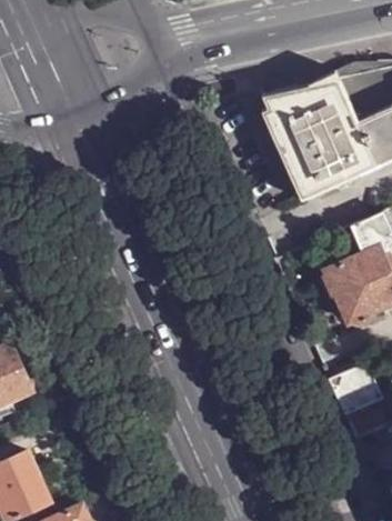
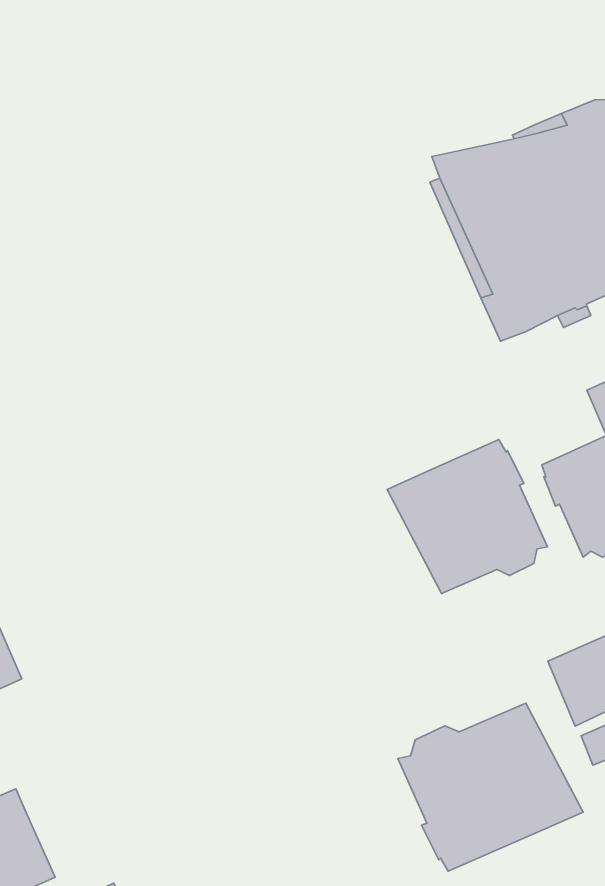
building: none -> [387,439,548,594]
building: none -> [398,703,583,871]

